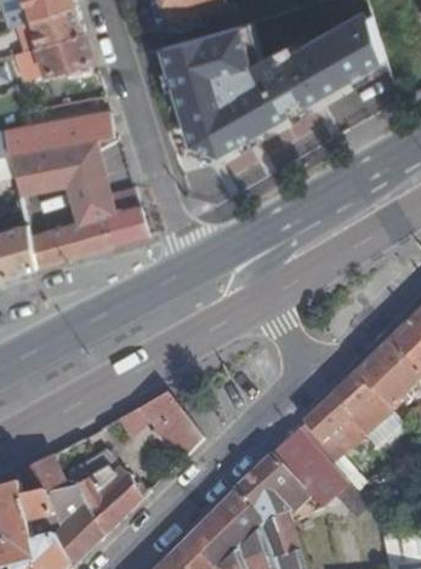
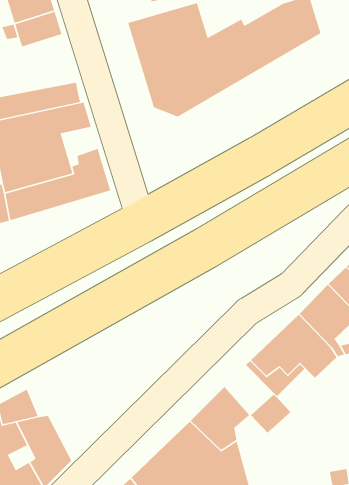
building: [116,392,199,460] -> none
building: [272,429,328,487] -> none
building: [74,467,140,537] -> none

